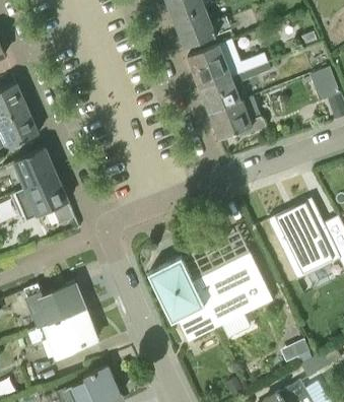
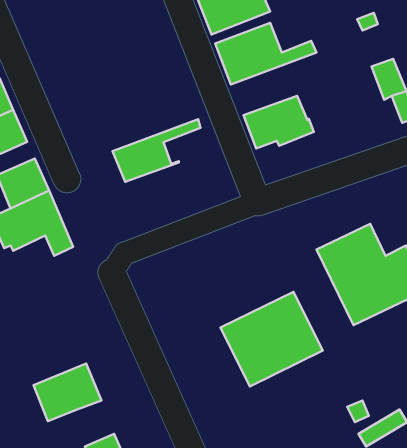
building: [200,63,270,113] -> [112,119,201,182]
building: [149,258,215,340] -> none
building: [24,283,85,327] -> none

